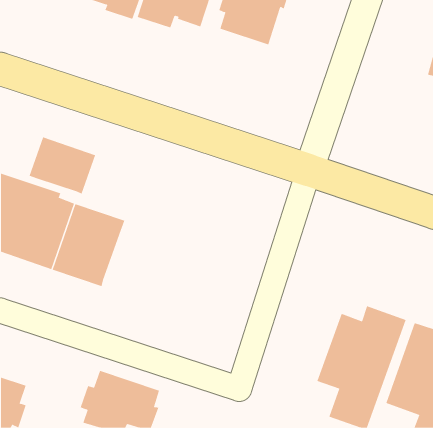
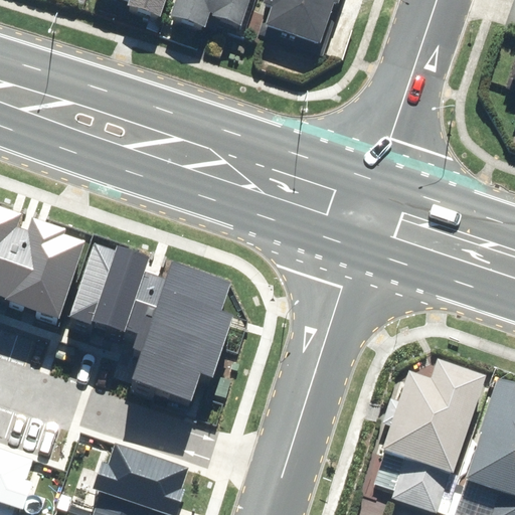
building: [29,137,96,195] -> none
building: none -> [125,263,236,398]

